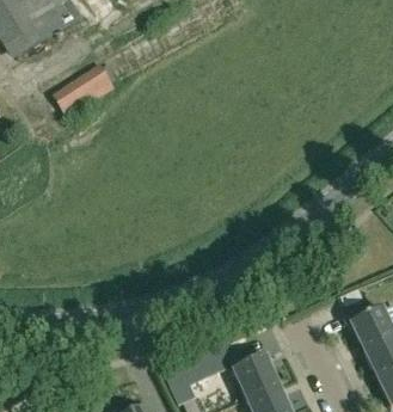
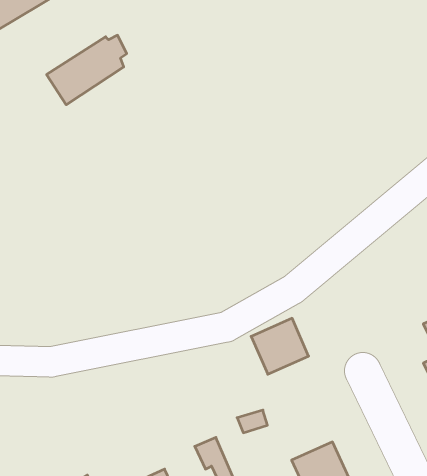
building: [233,352,278,396] -> [251,318,309,374]

